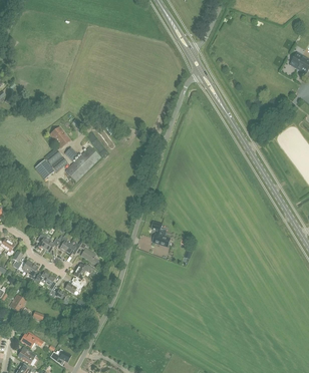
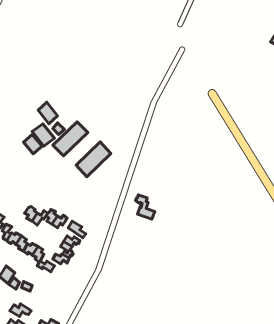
building: none -> [76,142,111,177]

